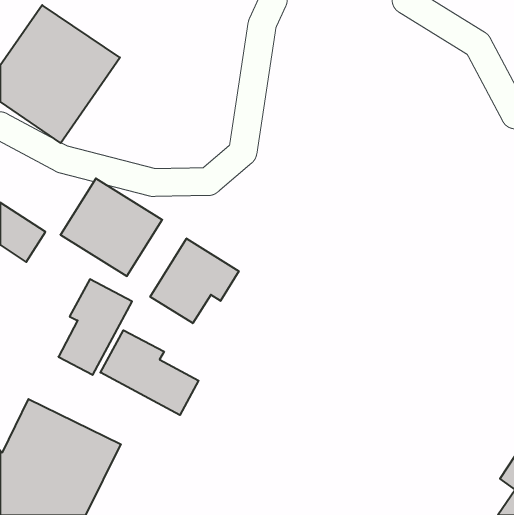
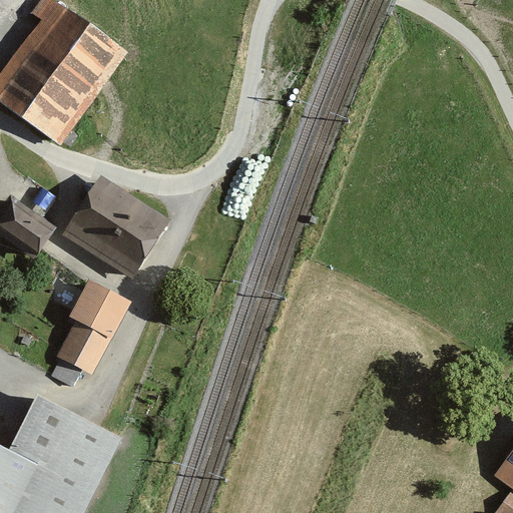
building: [150,238,239,323] -> none
building: [100,330,199,415] -> none

